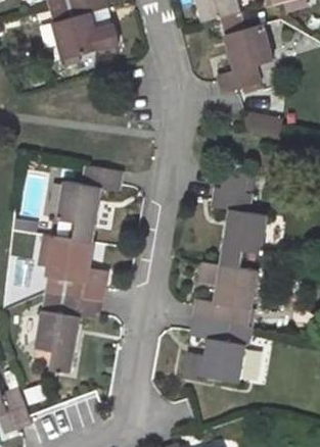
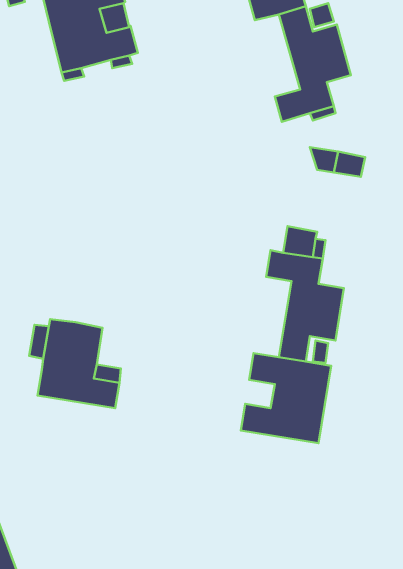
building: [57,165,123,243] -> none
building: [36,292,101,371] -> none
building: [183,317,248,382] -> none

